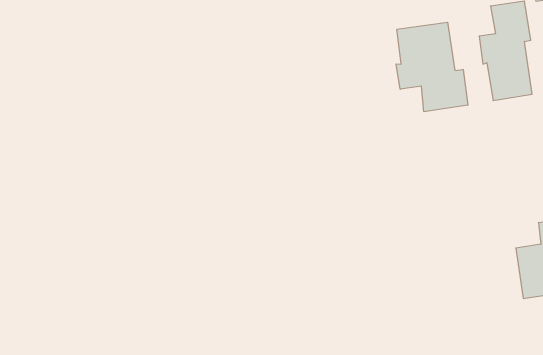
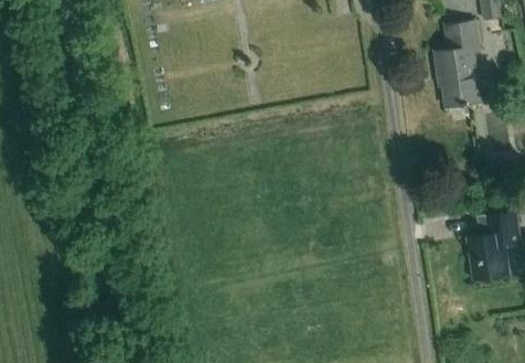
building: [396,22,468,112] -> none

